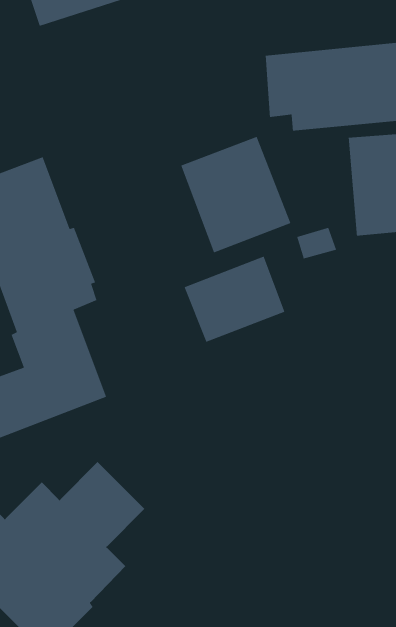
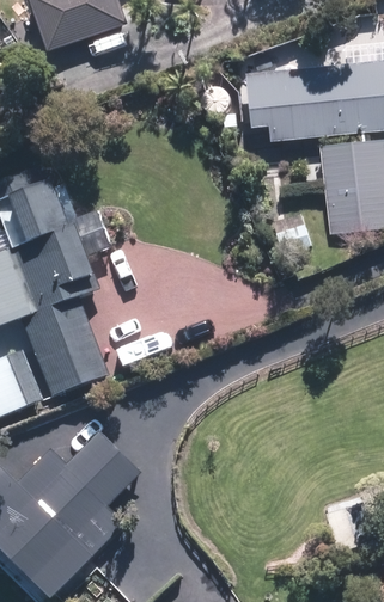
building: [180,136,292,254] -> none
building: [184,256,285,343] -> none

